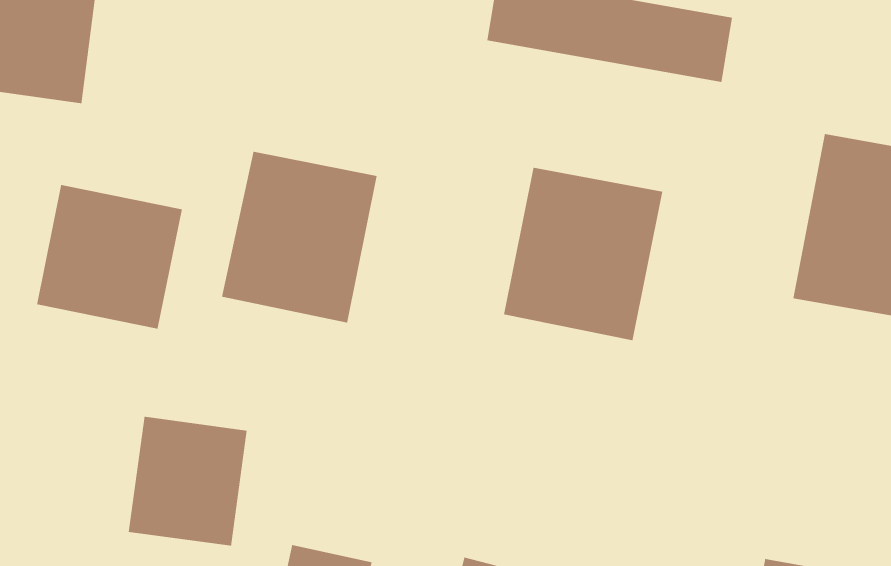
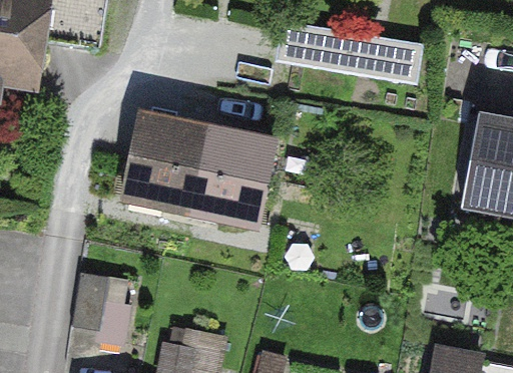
building: [503,167,663,341] -> [198,133,290,233]
building: [36,184,182,330] -> none

